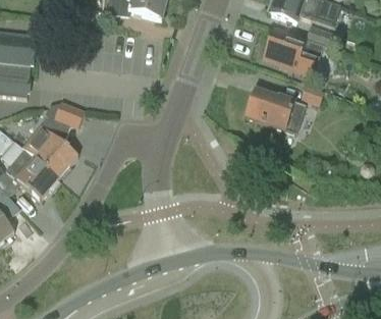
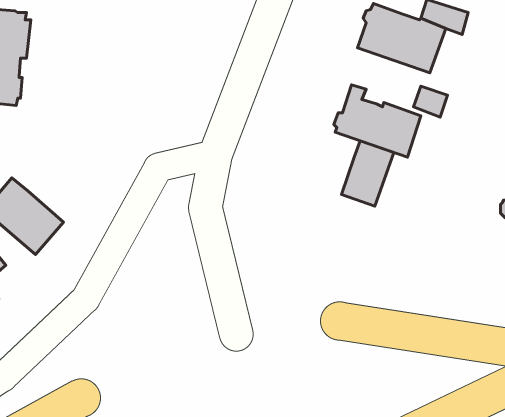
building: [23,103,85,178] -> none
building: none -> [341,141,394,206]

